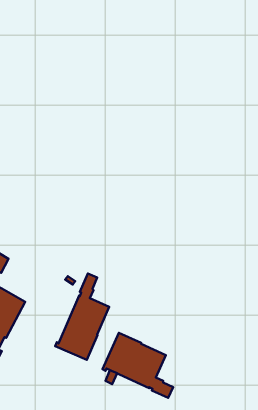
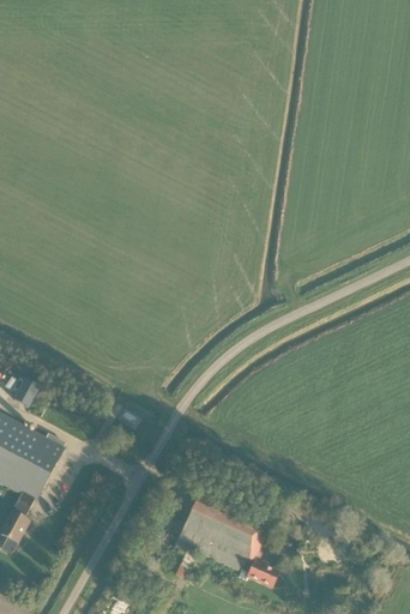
building: [55,274,109,360] -> none

